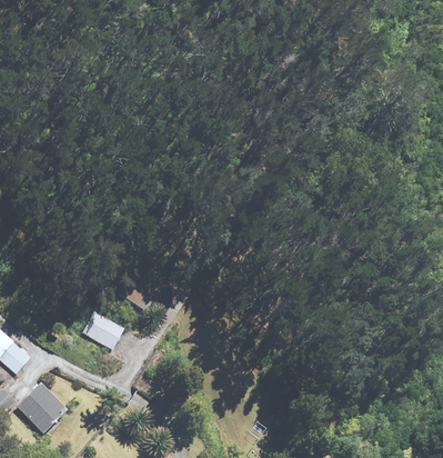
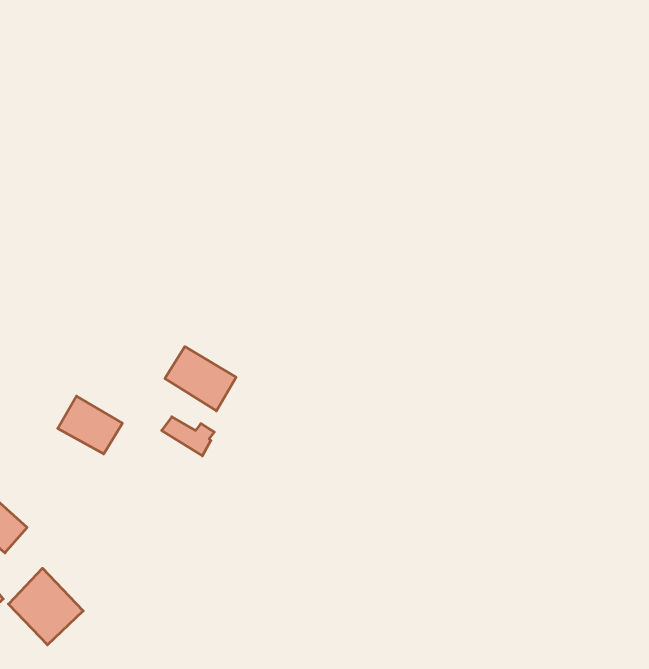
building: none -> [165,347,236,411]
building: [82,311,124,349] -> [58,396,122,454]

